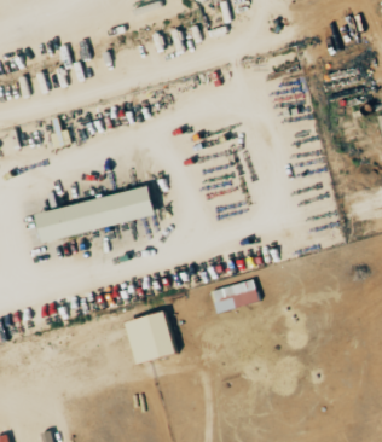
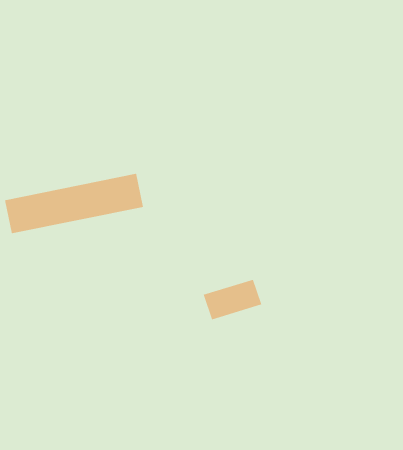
building: [125,312,176,365] -> none

